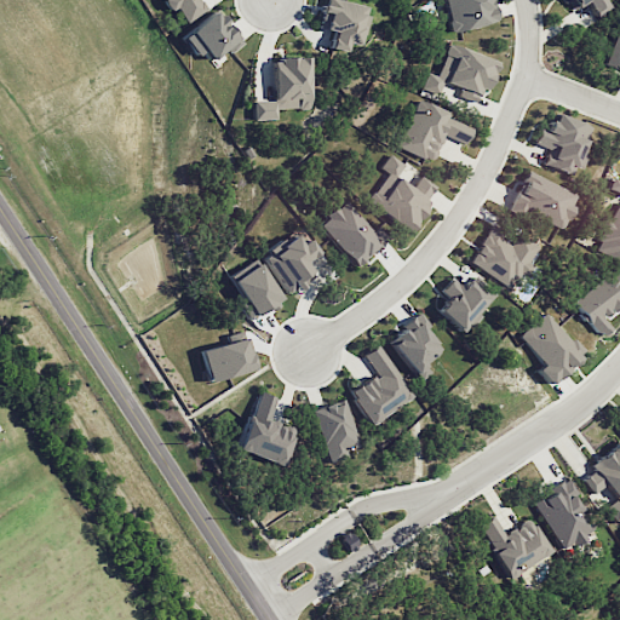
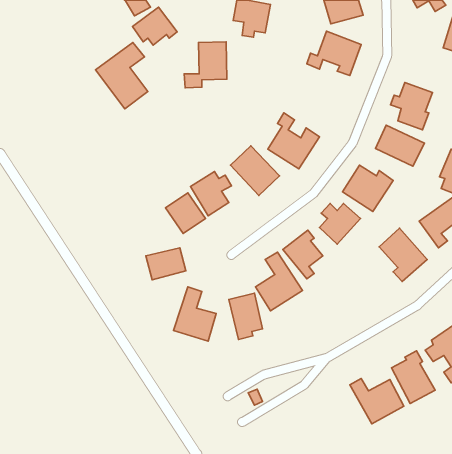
building: none -> [96,43,148,109]
building: [398,102,473,161] -> none

